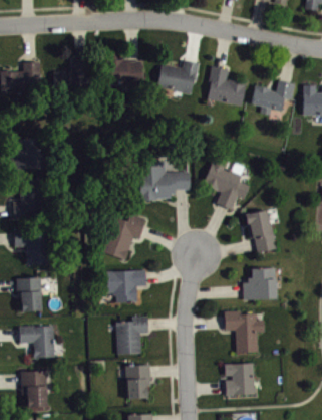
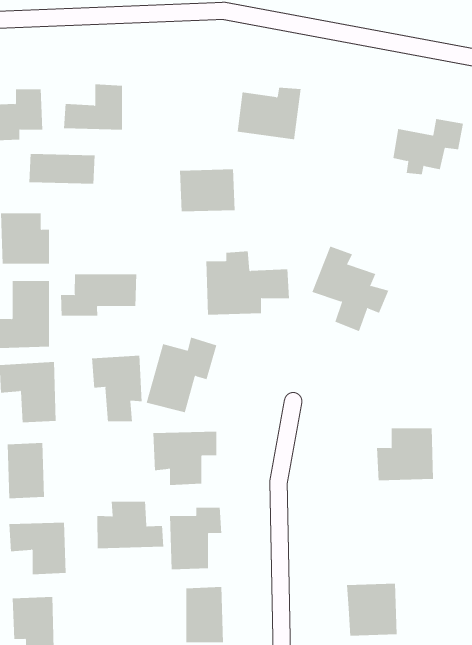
building: [108,59,142,85] -> [179,169,235,212]
building: [206,66,246,106] -> none
building: none -> [29,153,95,185]
building: none -> [60,274,137,317]
building: [245,210,274,252] -> none
building: none -> [91,355,142,422]
building: [225,312,264,353] -> none
building: none -> [97,501,164,549]

